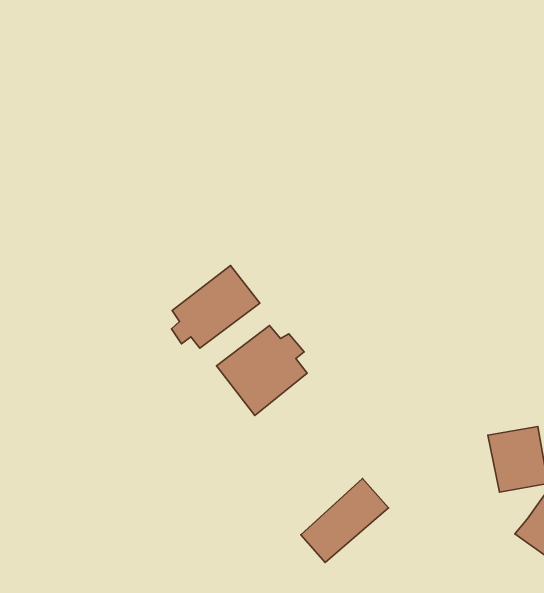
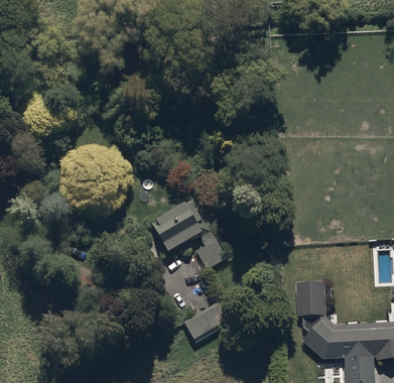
building: [172,265,260,348] -> none
building: none -> [196,233,225,268]

